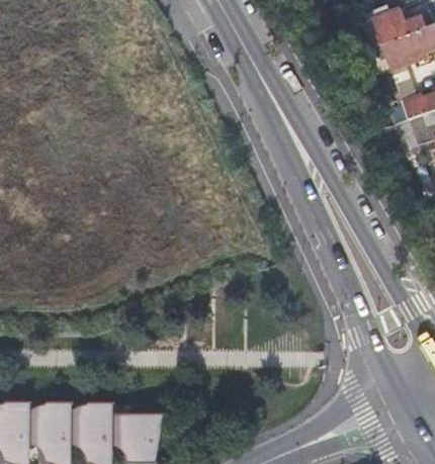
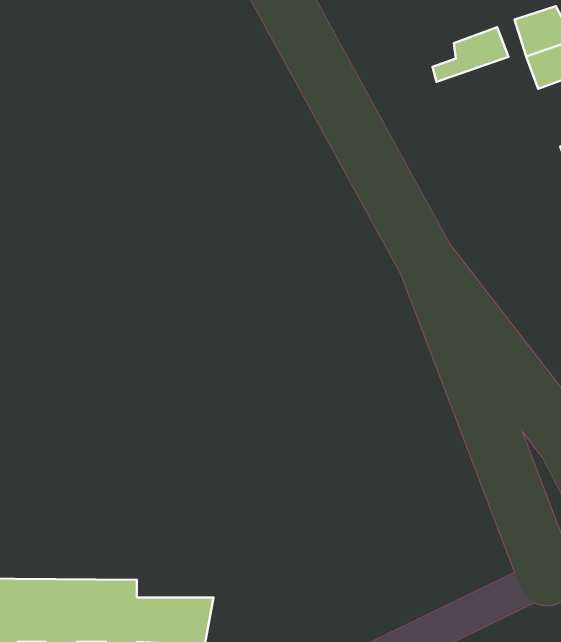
building: none -> [432,27,509,82]

